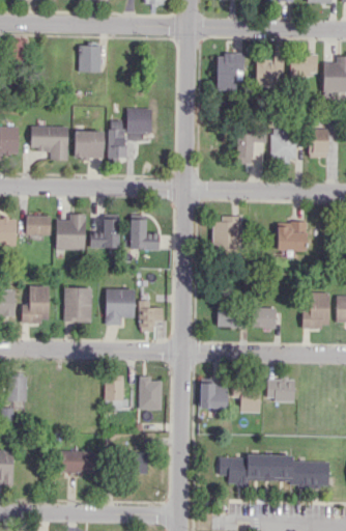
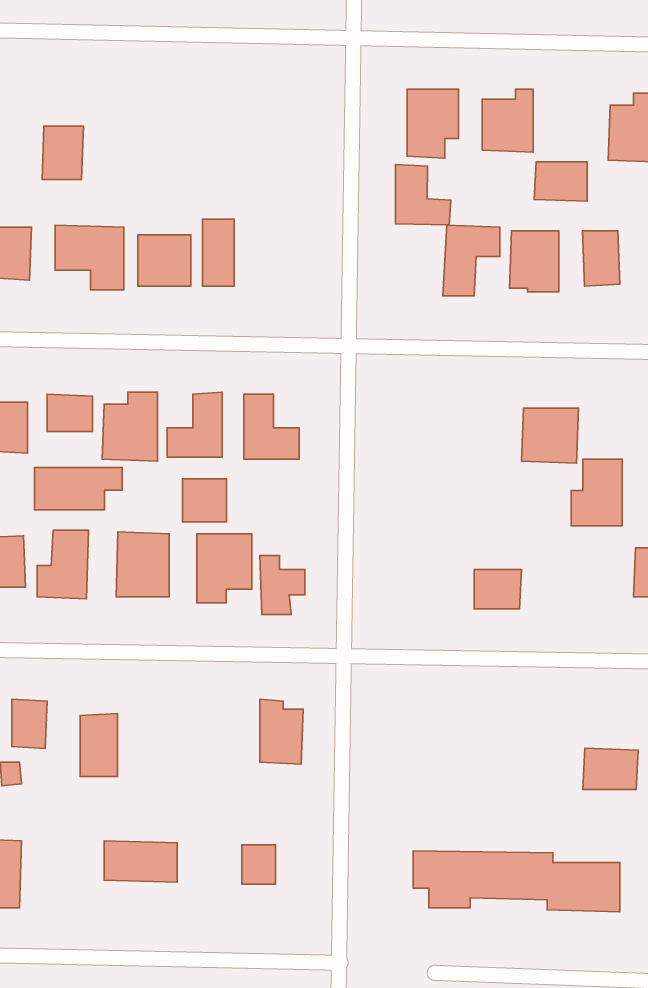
building: [79,44,100,72] -> [42,126,83,179]
building: [289,55,317,76] -> [534,162,587,201]
building: none -> [396,165,451,225]
building: [126,108,152,133] -> none
building: [212,215,241,251] -> none
building: none -> [34,468,122,510]
building: none -> [182,479,227,522]
building: [302,292,329,328] -> [571,459,622,526]
building: [217,307,241,327] -> none
building: [105,375,124,409] -> [80,714,117,777]
building: [266,379,295,400] -> [583,748,638,790]
building: [200,382,228,409] -> none
building: [232,385,261,412] -> none

